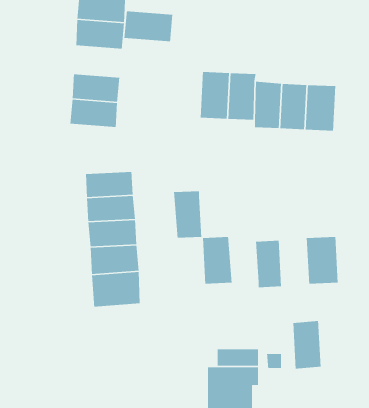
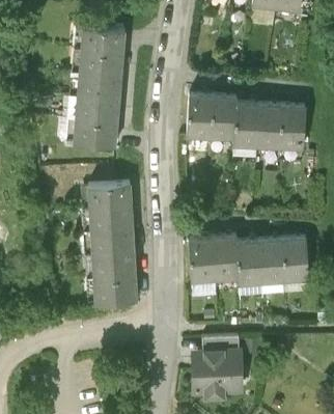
building: [124,11,173,42] -> [78,76,120,103]
building: [173,190,202,239] -> [212,239,236,280]
building: [292,320,321,370] -> [255,241,280,283]

